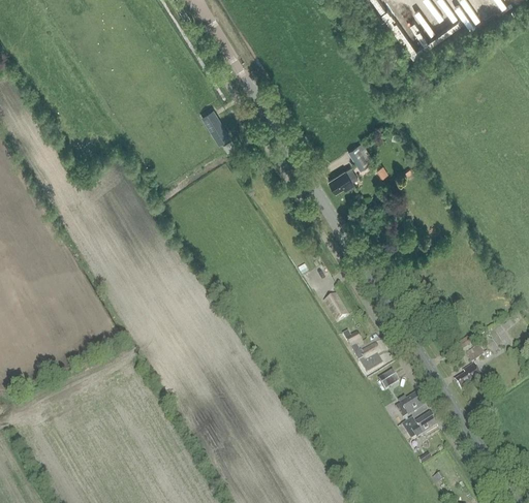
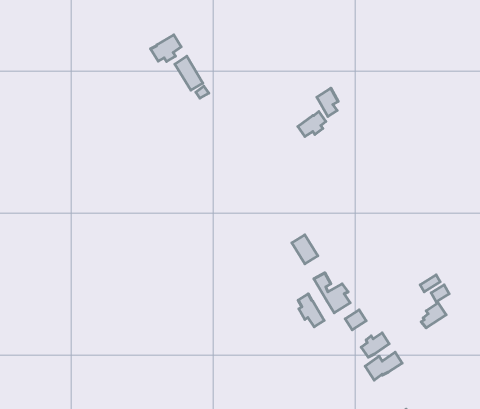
building: none -> [151,35,181,61]
building: none -> [298,294,324,327]

